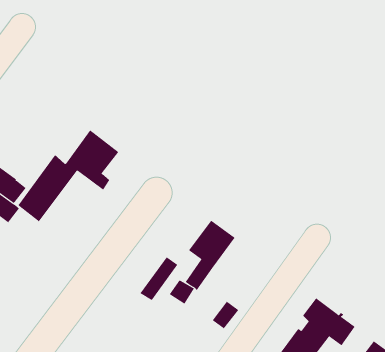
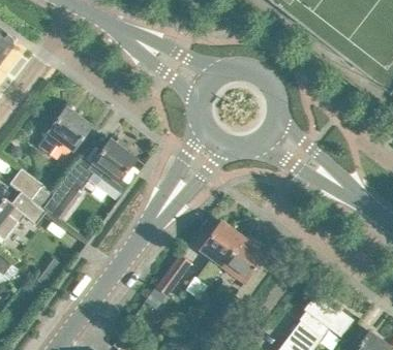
building: none -> [36,106,91,154]
building: none -> [221,237,264,282]

